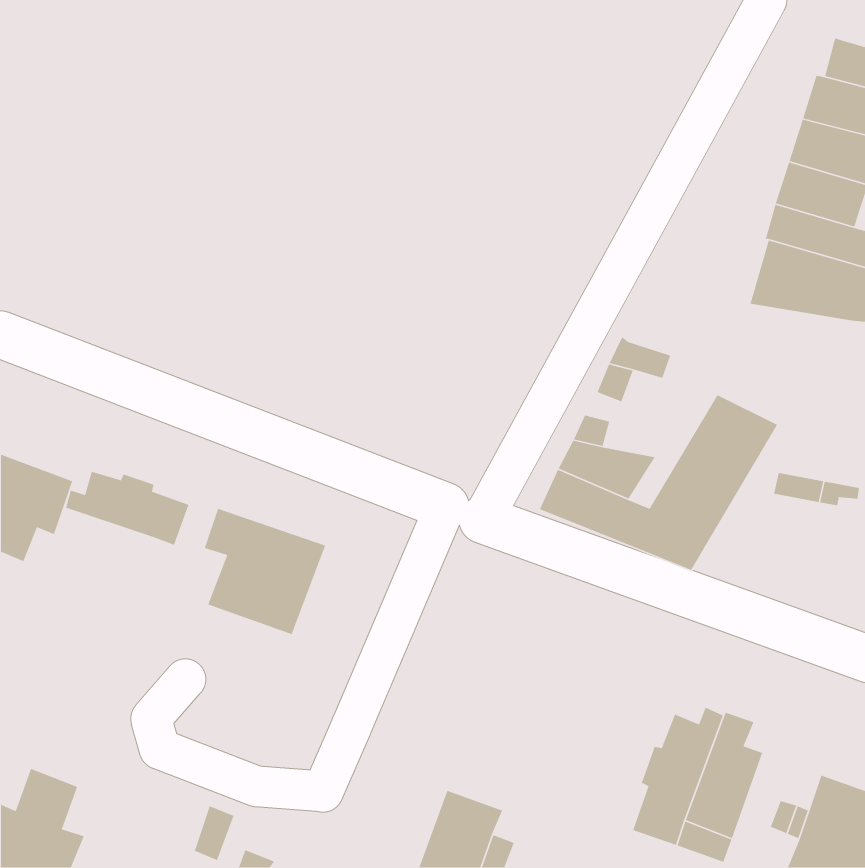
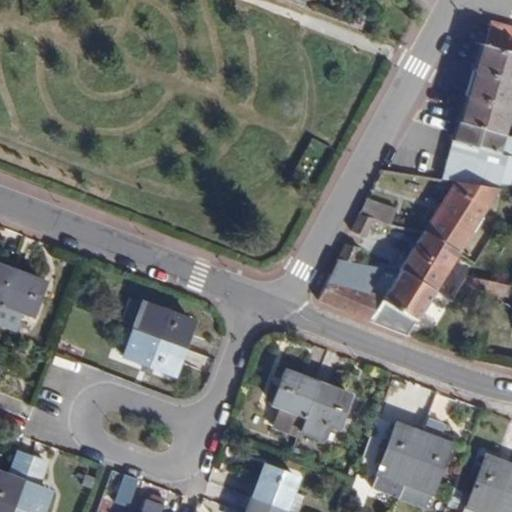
building: none -> [424,181,503,250]
building: [65,471,189,546] -> none
building: none -> [272,371,350,438]

